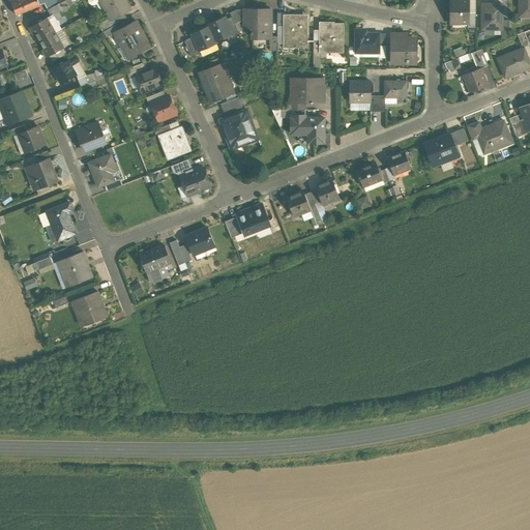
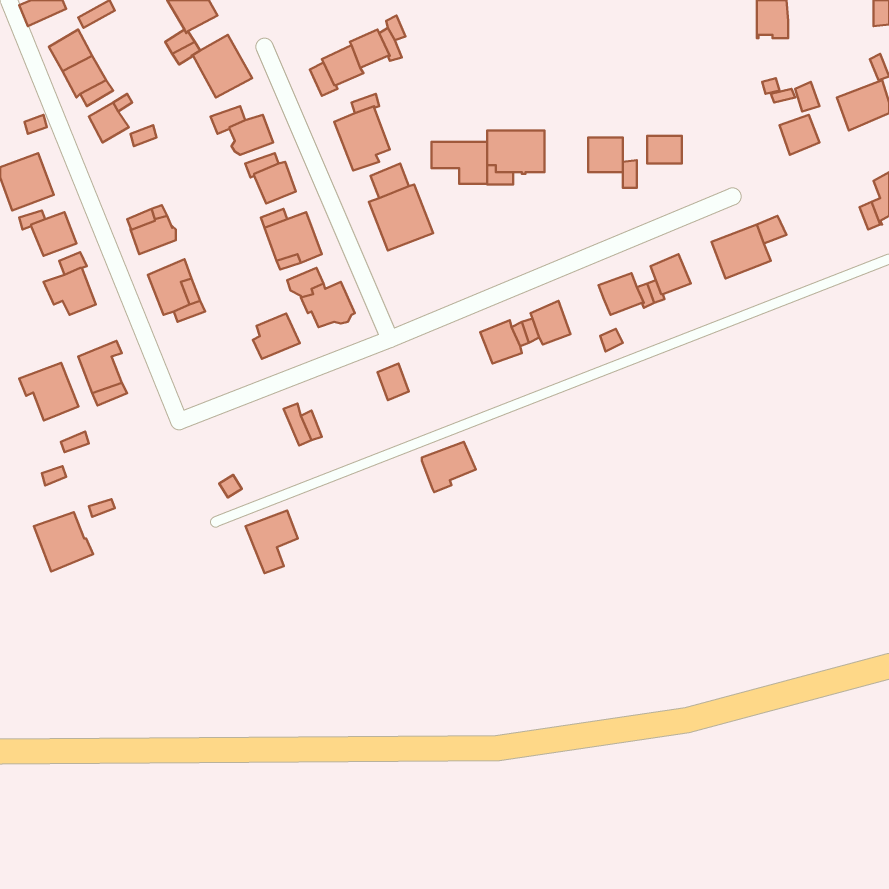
building: [482,4,503,27] -> none
building: [244,9,270,38] -> none
building: [283,14,307,47] -> none
building: [320,23,343,52] -> none
building: [355,29,379,53] -> none
building: [391,34,416,61] -> none
building: [291,118,324,143] -> [431,142,487,184]
building: [468,120,512,153] -> none
building: [237,205,269,235] -> [422,442,476,492]
building: [187,228,215,255] -> [253,314,300,359]
building: [139,245,170,283] -> [246,511,298,573]
building: [57,252,92,286] -> [19,363,78,420]
building: [72,292,108,327] -> [34,512,93,571]

